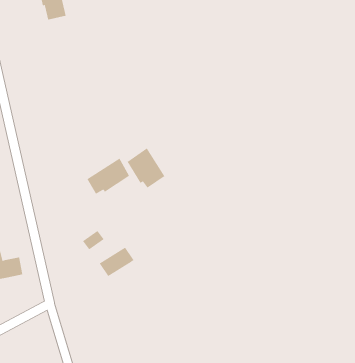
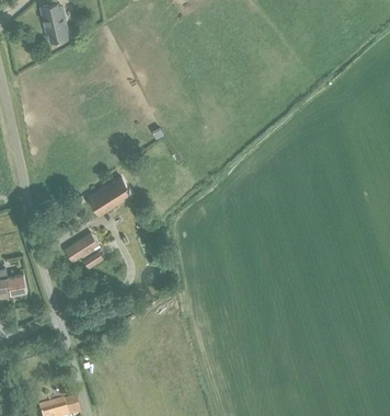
building: [127,148,165,188] -> none
building: [99,247,135,277] -> [62,229,98,258]

